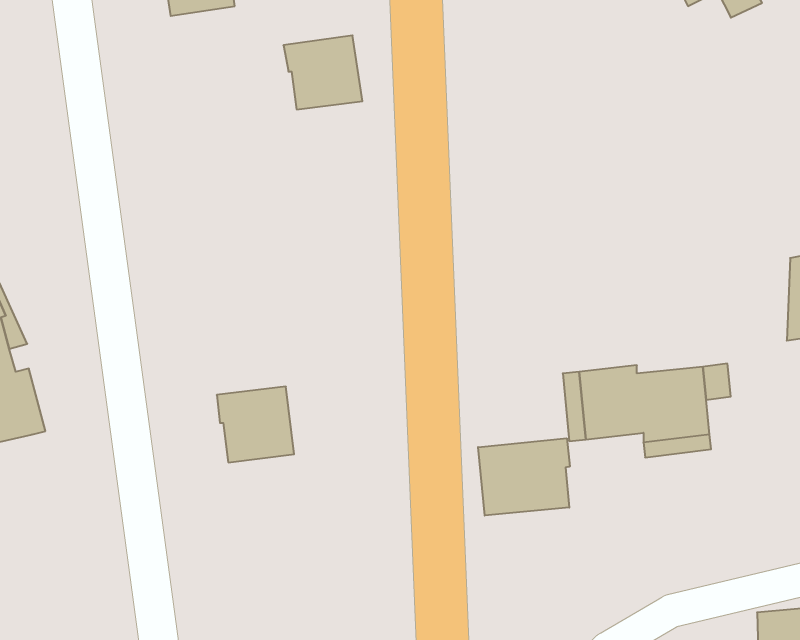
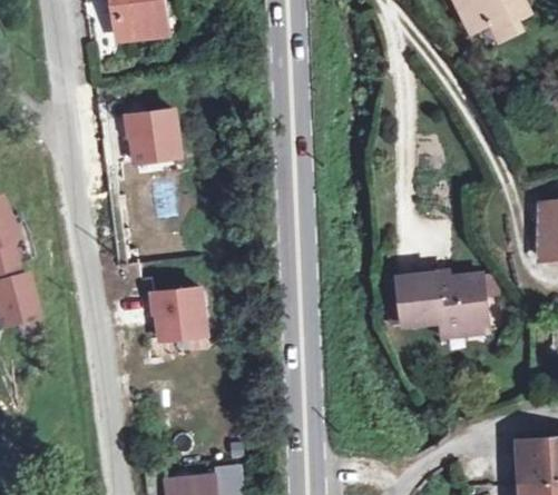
building: [283,35,362,109] -> [128,110,182,160]
building: [478,438,570,516] -> none

